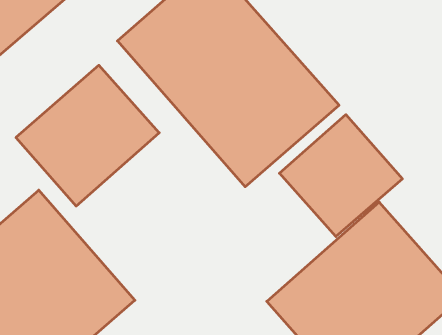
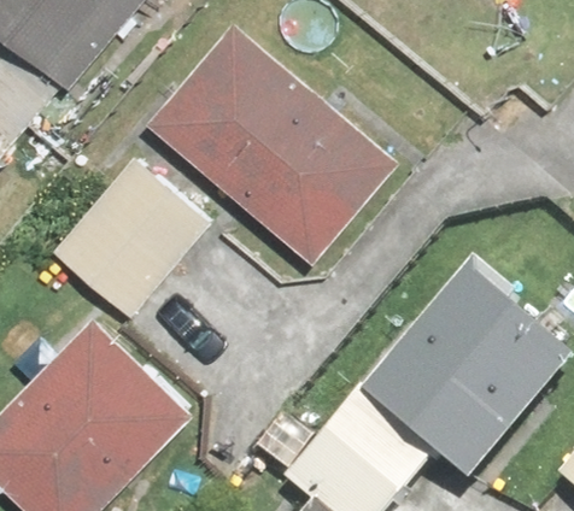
building: [279,115,402,237] -> none

